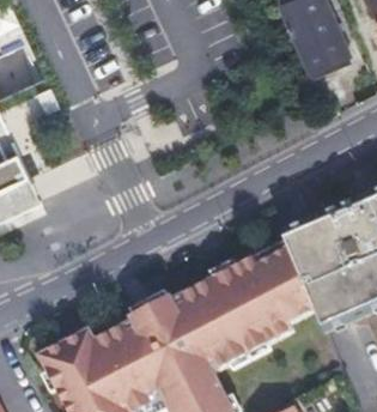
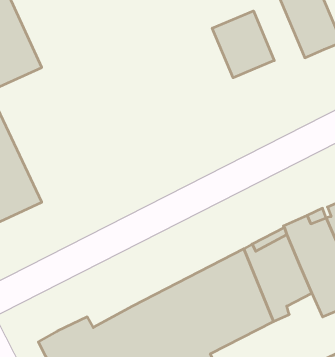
building: none -> [212,11,274,78]

